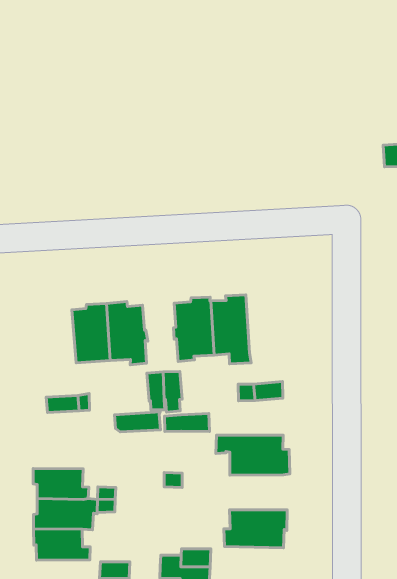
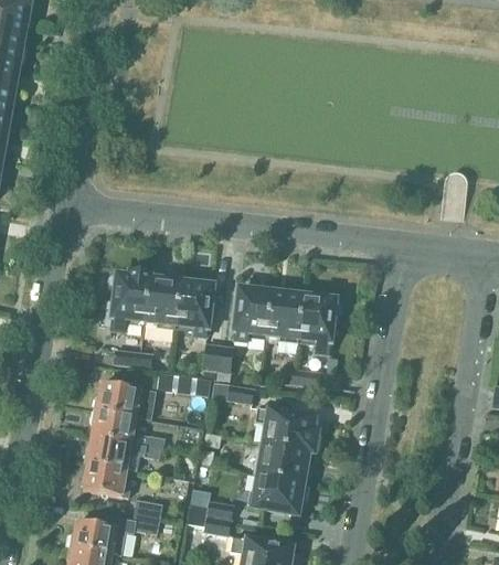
building: none -> [297,291,342,352]
building: none -> [108,270,151,330]
building: none -> [93,382,155,419]
building: none -> [256,445,309,483]

